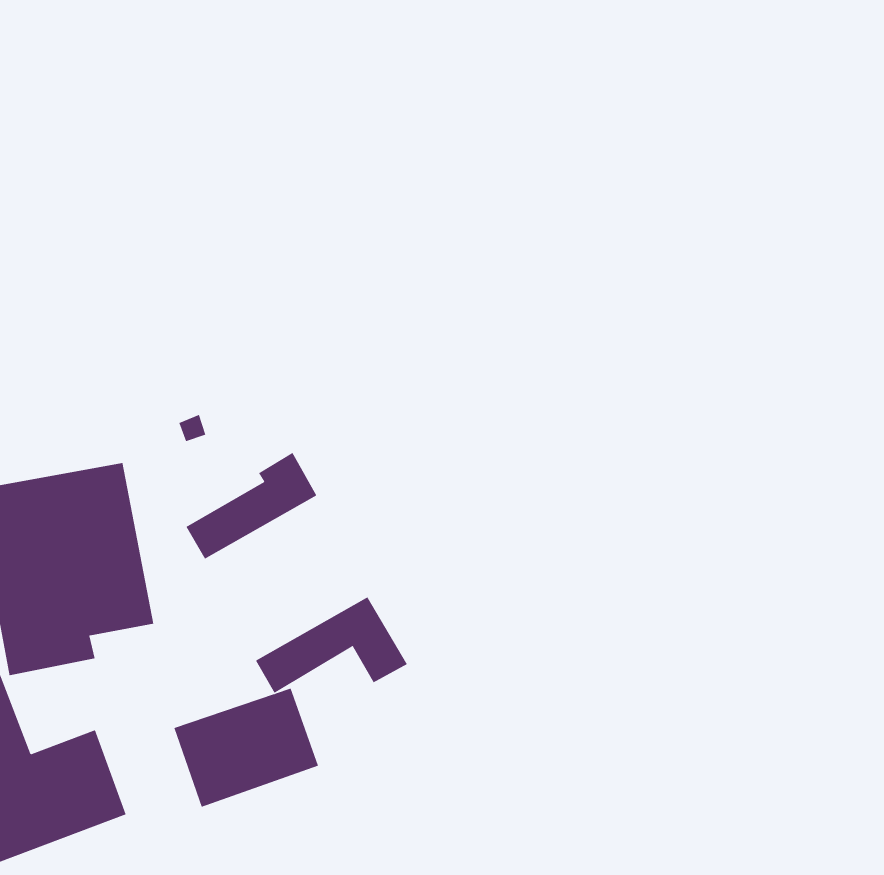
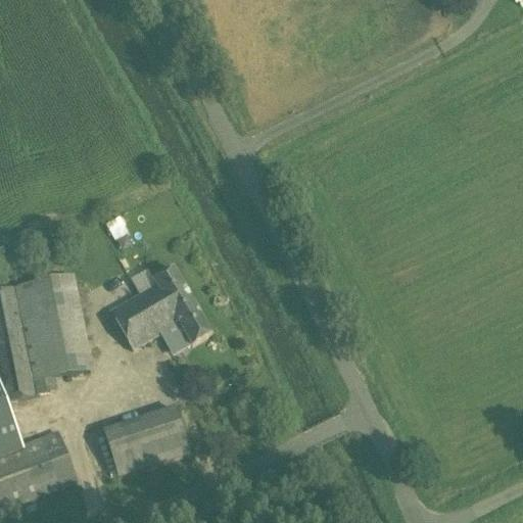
building: [255,597,408,694] -> [121,292,210,349]

